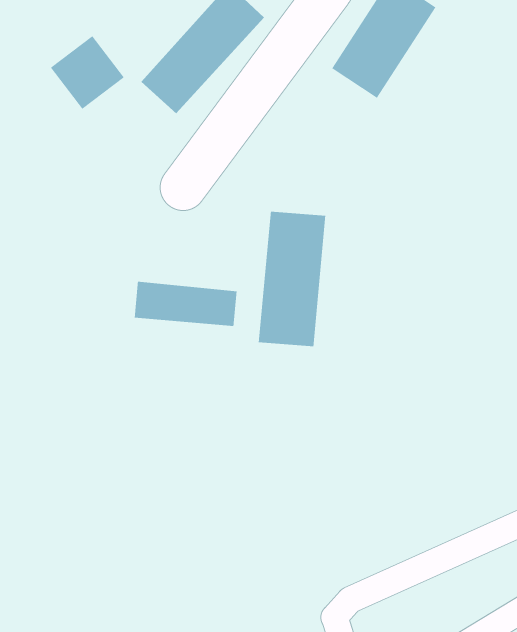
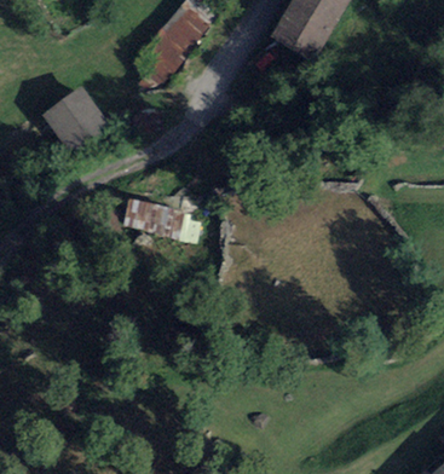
building: [50,35,125,110] -> [48,92,102,145]
building: [258,211,326,347] -> none

